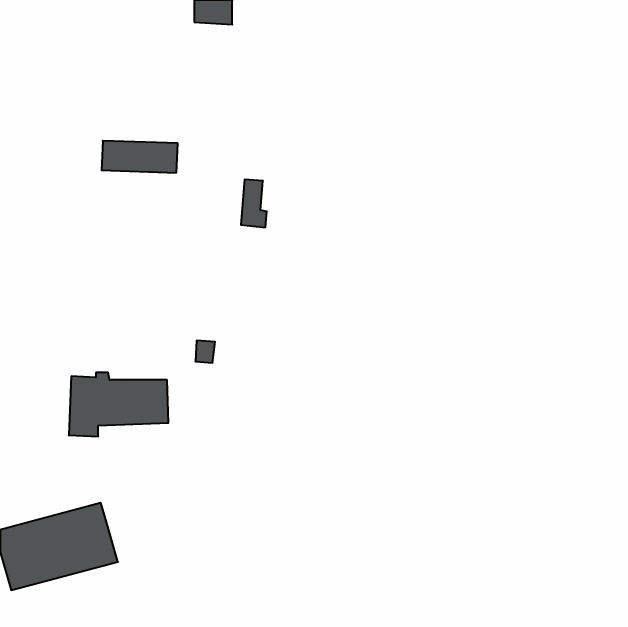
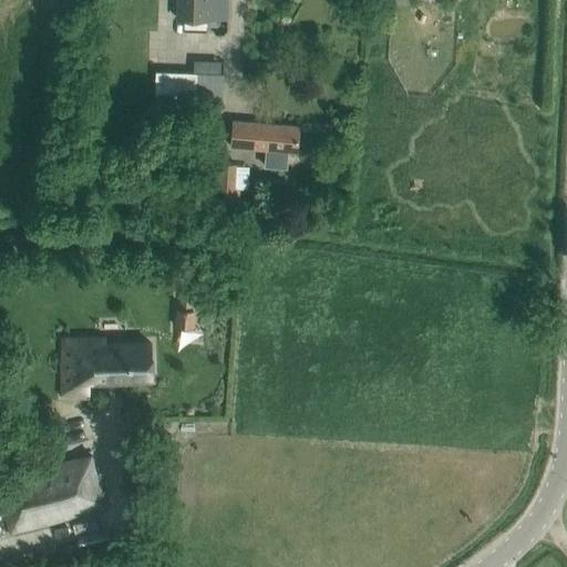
building: none -> [230,121,299,169]
building: [102,141,178,173] -> [163,76,231,105]

